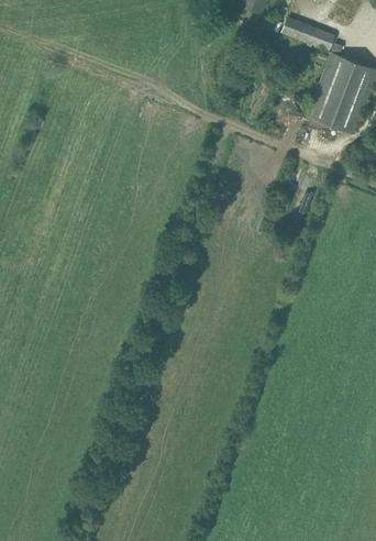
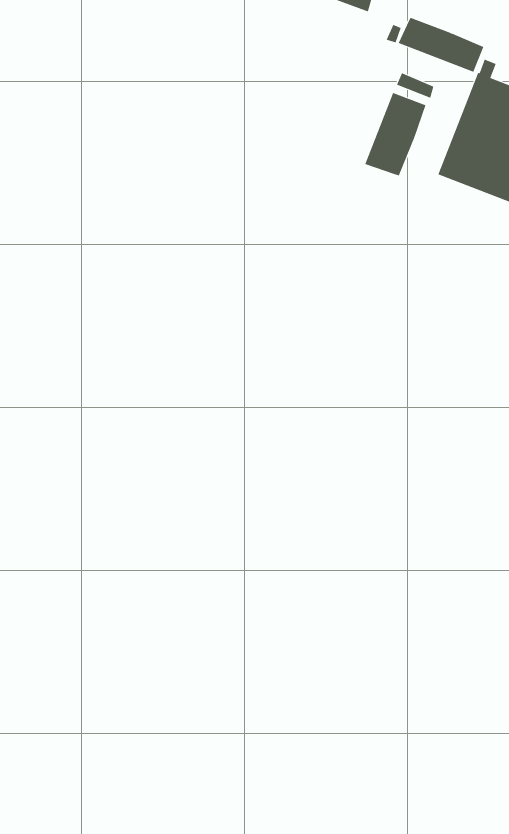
building: none -> [364,92,426,176]

